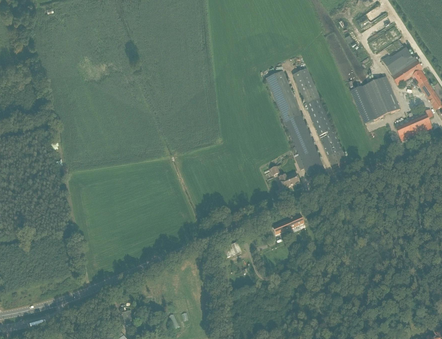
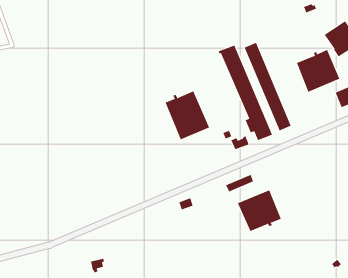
building: none -> [165,90,210,140]
building: none -> [237,189,282,232]

